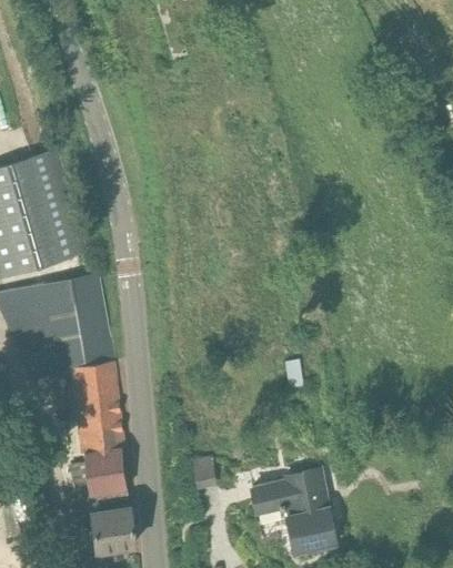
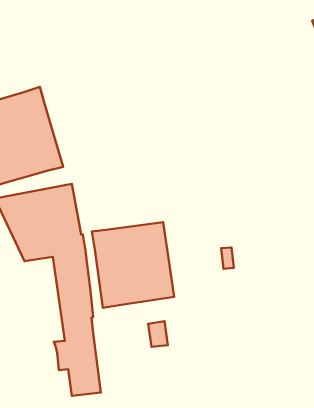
building: none -> [92,222,174,308]
building: [248,467,336,550] -> none

